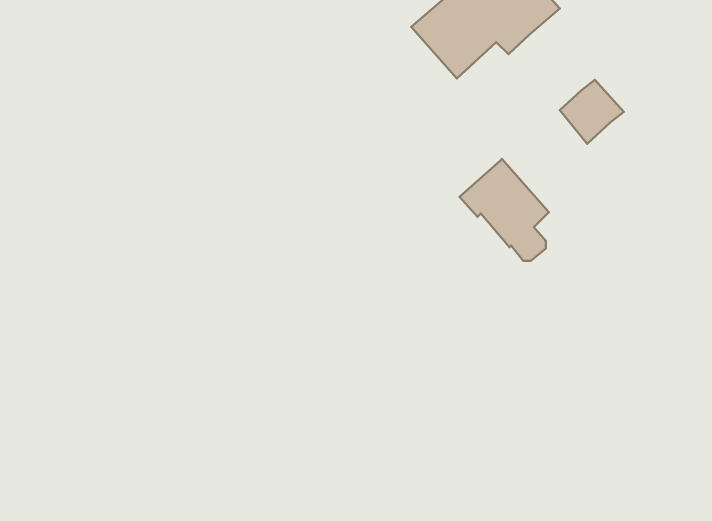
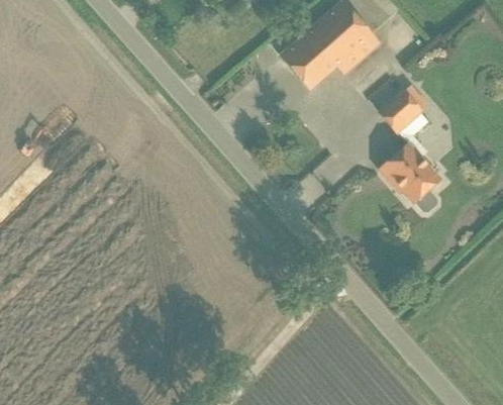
building: [459,159,549,261] -> [381,142,440,210]

